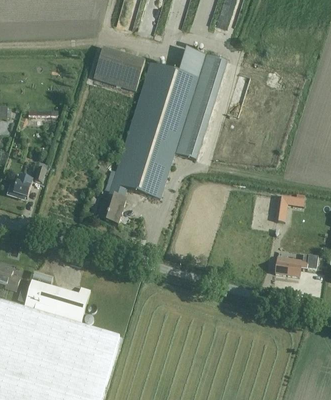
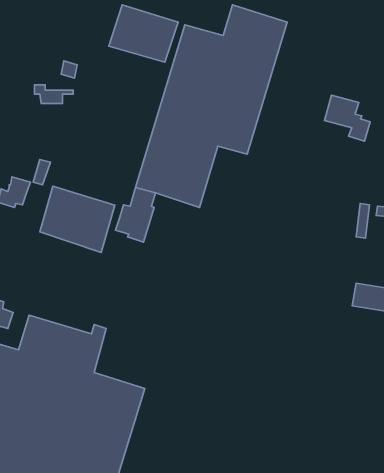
building: none -> [325,95,370,141]
building: none -> [40,186,115,252]

